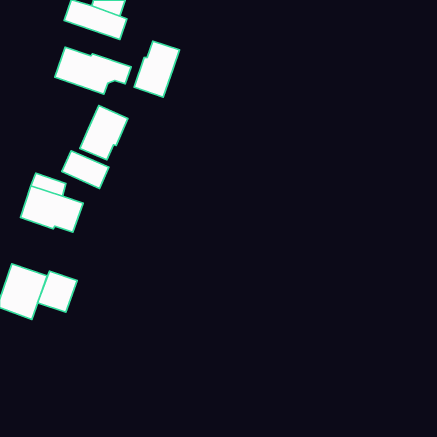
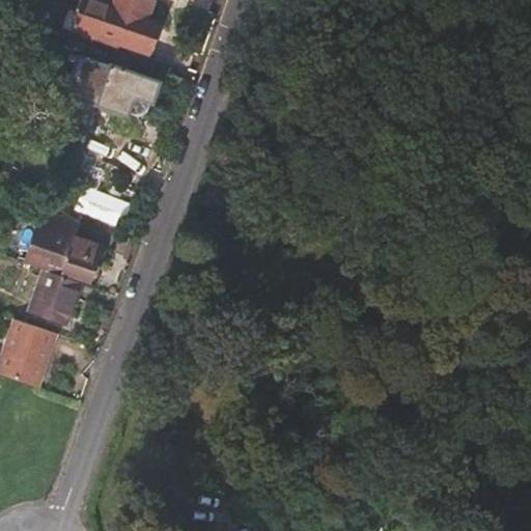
building: [134,41,180,97] -> none
building: [80,105,128,160] -> none
building: [38,271,77,312] -> [30,273,78,323]

